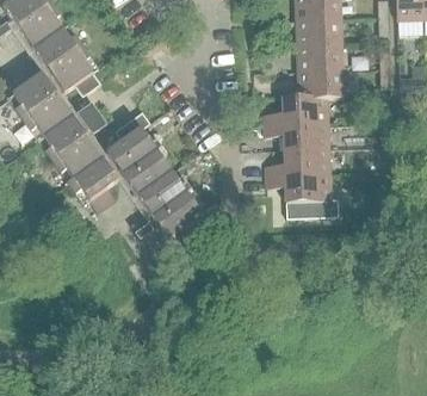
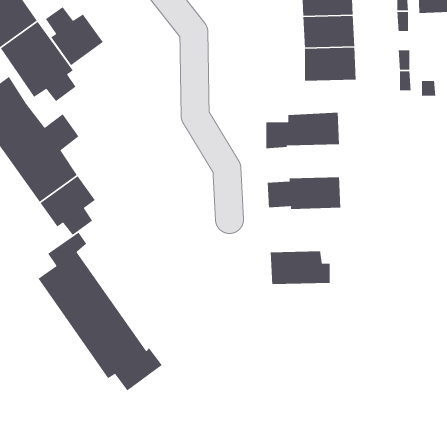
building: none -> [45,6,104,66]
building: [281,76,342,106] -> none
building: [106,111,215,249] -> [38,231,163,391]
building: [283,132,328,161] -> none
building: [285,187,338,217] -> [270,250,331,285]

